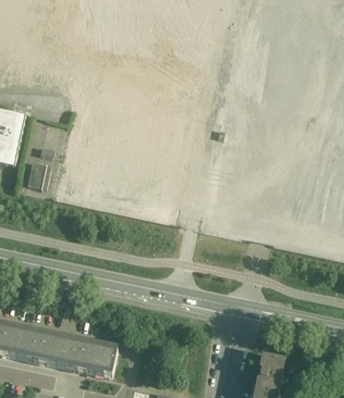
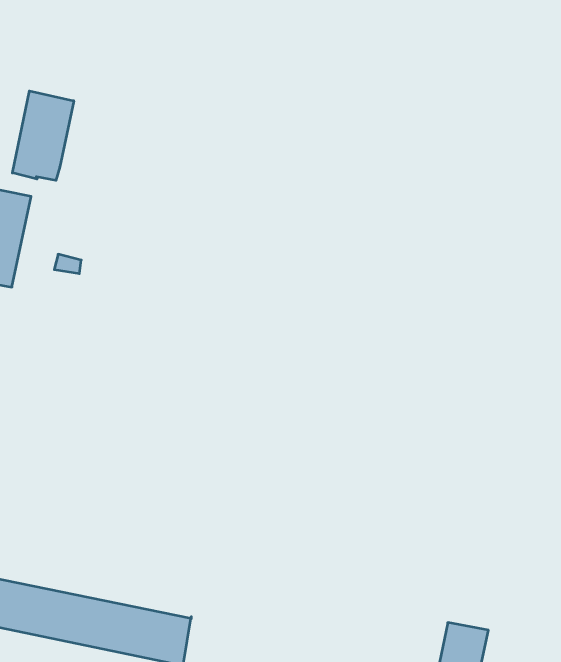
building: none -> [12,91,74,180]
building: [26,161,50,188] -> none

